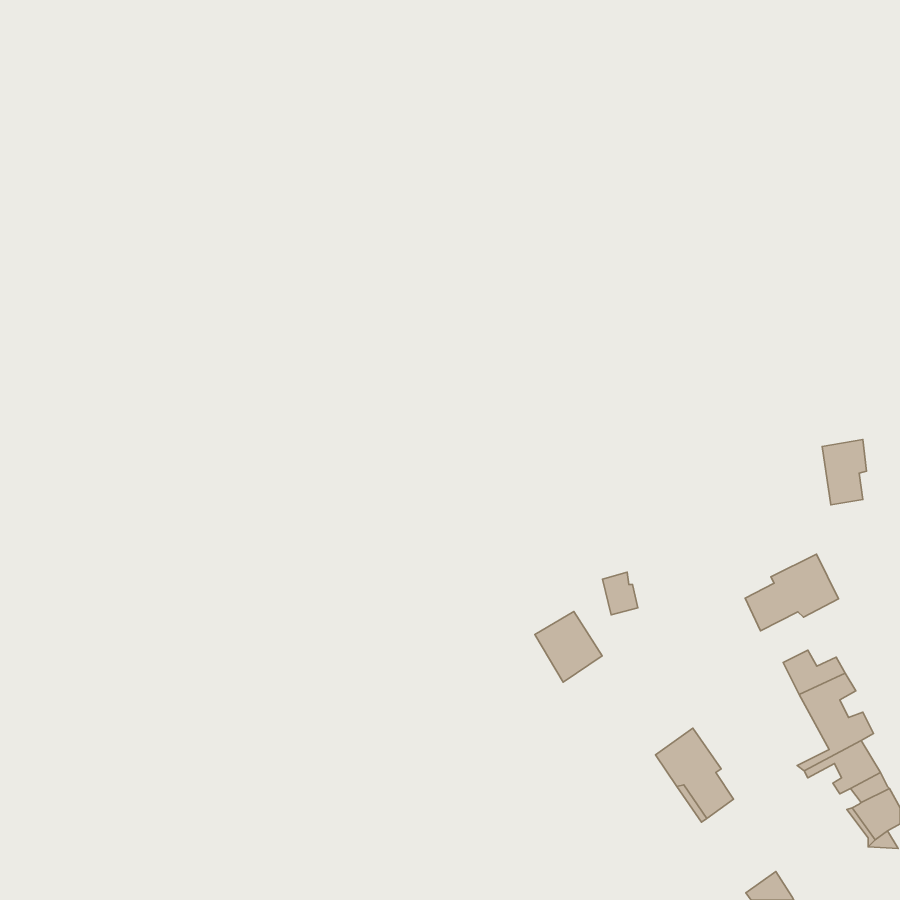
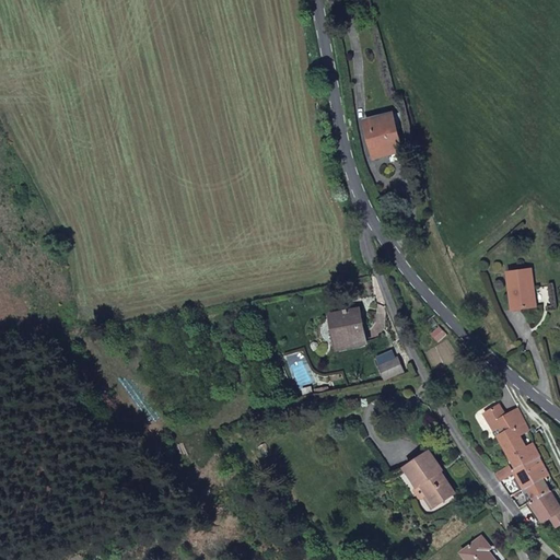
building: none -> [364,116,399,155]
building: [745,554,838,631] -> none
building: [535,611,602,682] -> [323,313,364,357]

